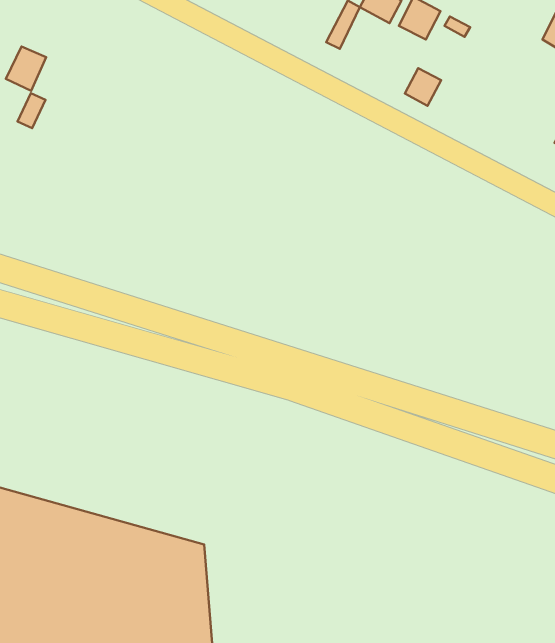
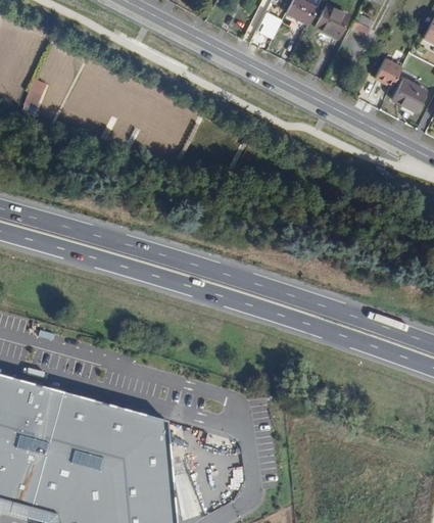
building: [6,46,46,91] -> none
building: [405,68,441,106] -> [374,59,401,88]
building: none -> [393,79,425,110]

